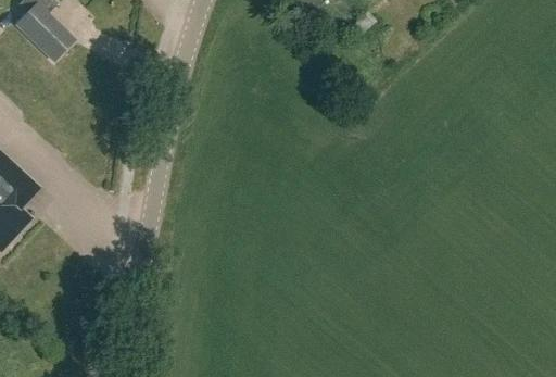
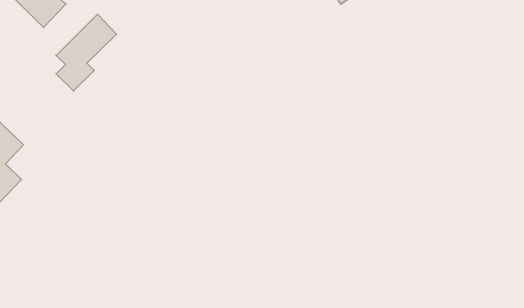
building: none -> [56,14,117,91]

